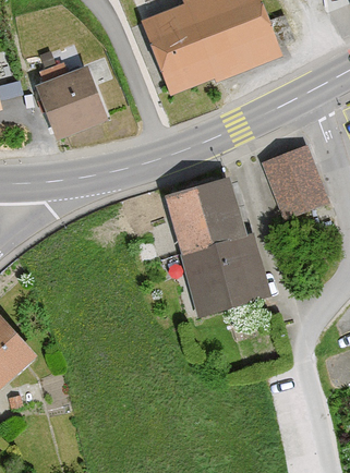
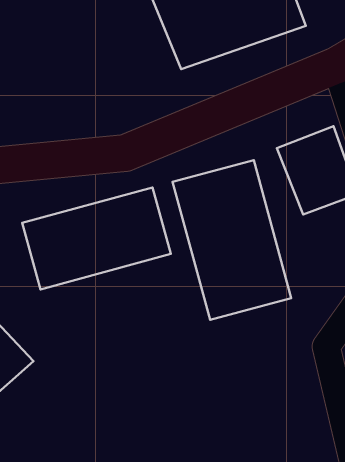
building: [35,65,108,135] -> none
building: none -> [22,187,171,289]

